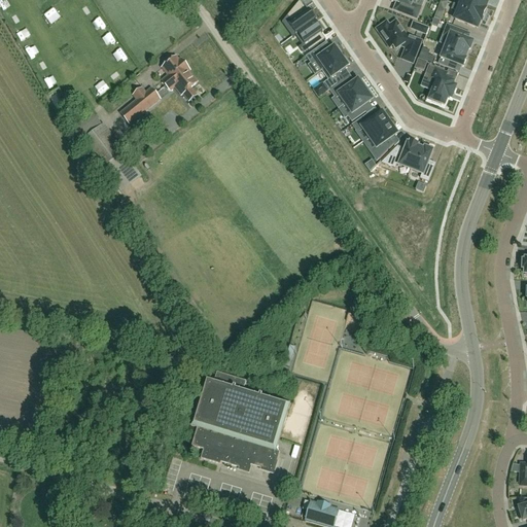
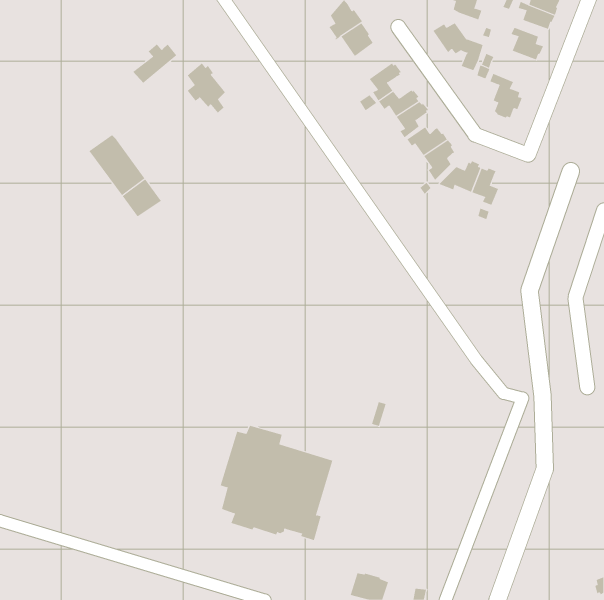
building: [306,44,342,69] -> none
building: [438,44,467,69] -> none
building: [120,86,160,121] -> [132,43,177,84]

